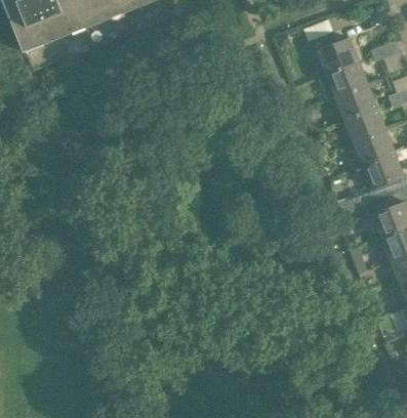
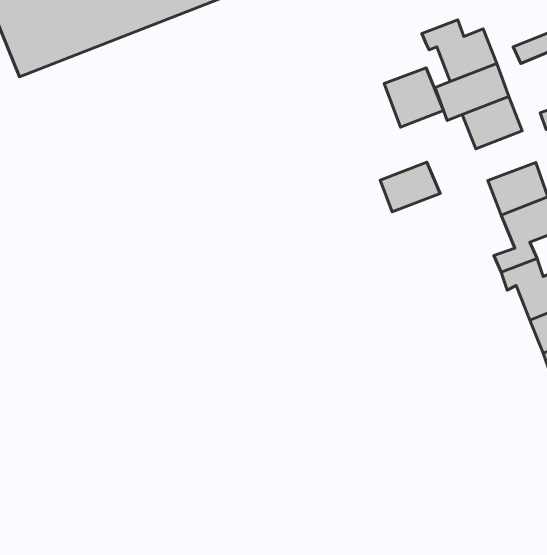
building: none -> [384,68,444,127]
building: [344,106,385,139] -> [380,162,440,212]

